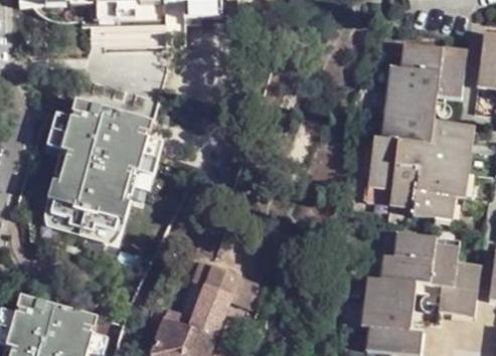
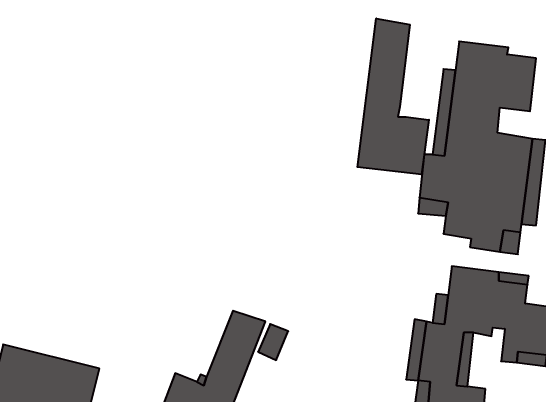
building: none -> [357,18,429,175]
building: [46,100,164,235] -> none

